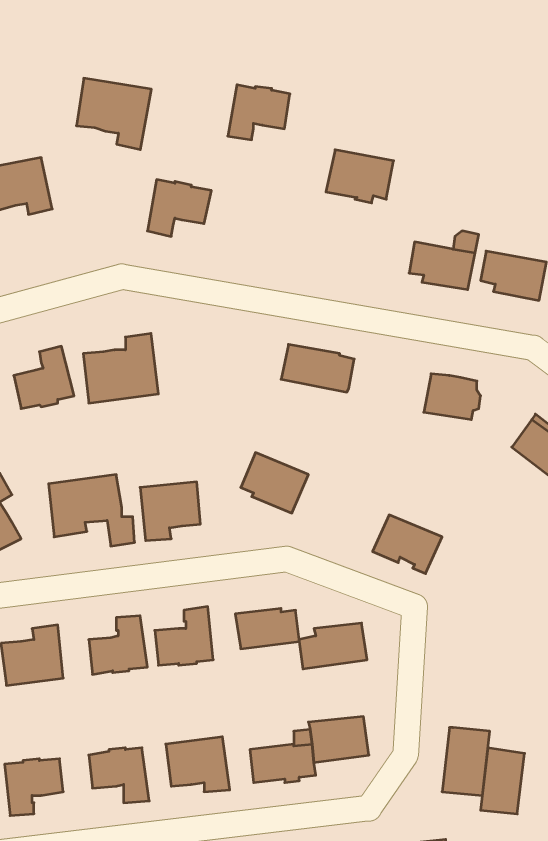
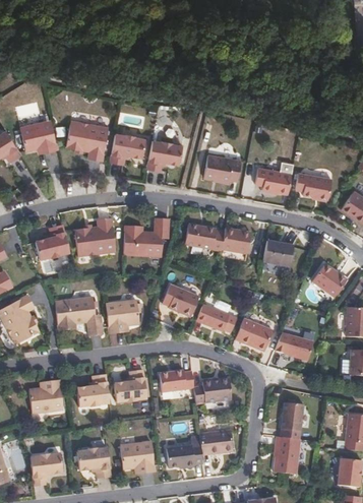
building: [76,78,151,150] -> [66,120,108,160]
building: [228,85,290,140] -> [147,139,182,170]
building: [326,150,394,203] -> [203,153,241,183]
building: none -> [123,217,169,256]
building: none -> [222,227,251,253]
building: none -> [196,303,236,332]
building: none -> [285,334,313,360]
building: [481,748,525,814] -> [280,401,304,438]

